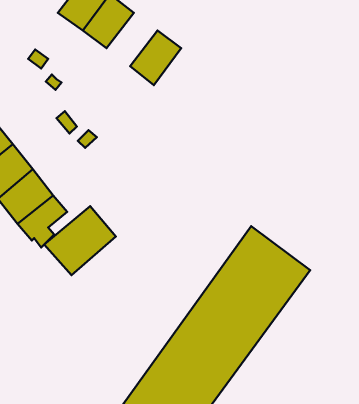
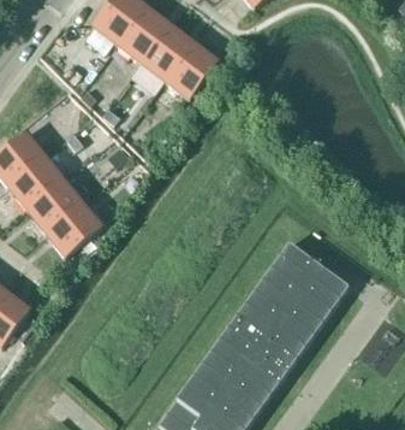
building: none -> [142,25,193,79]
building: [44,206,116,275] -> none

